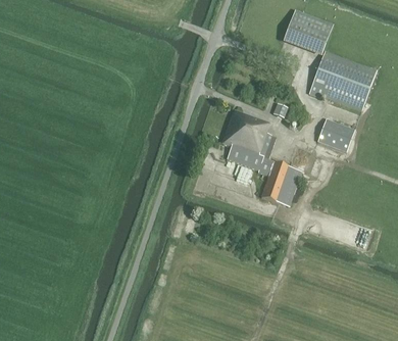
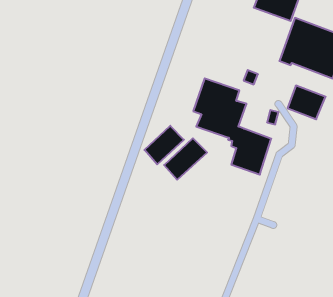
building: none -> [144,126,184,164]
building: none -> [164,138,207,180]

